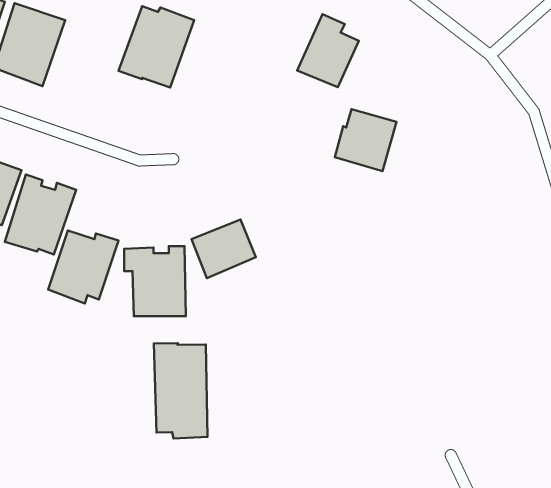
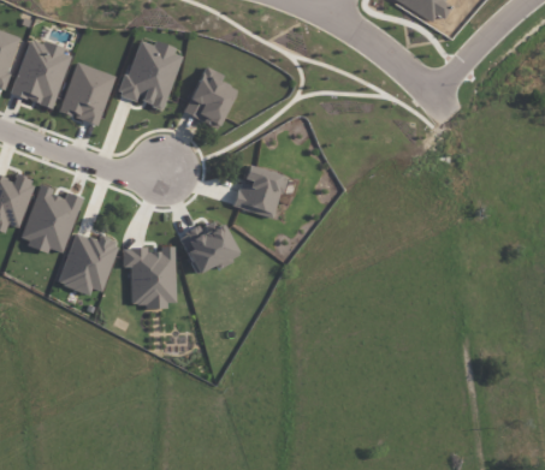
building: [297,14,359,87] -> [183,66,236,129]
building: none -> [59,63,115,125]
building: [335,109,397,171] -> [232,166,285,219]
building: [154,343,208,438] -> none

